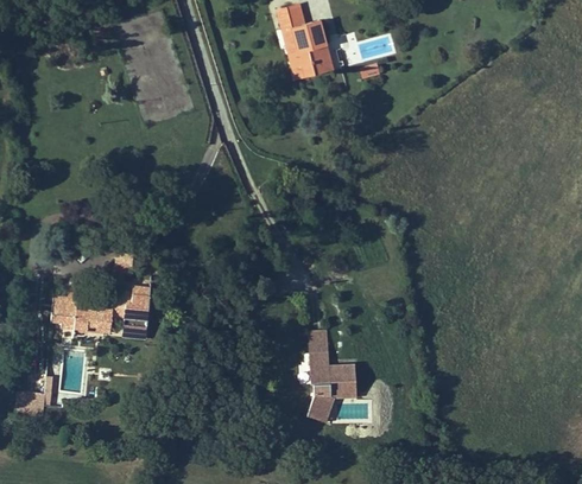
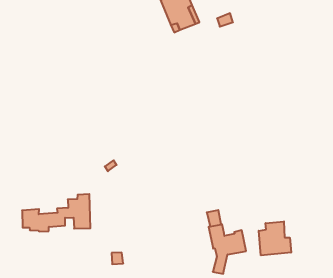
building: none -> [259,221,291,255]

